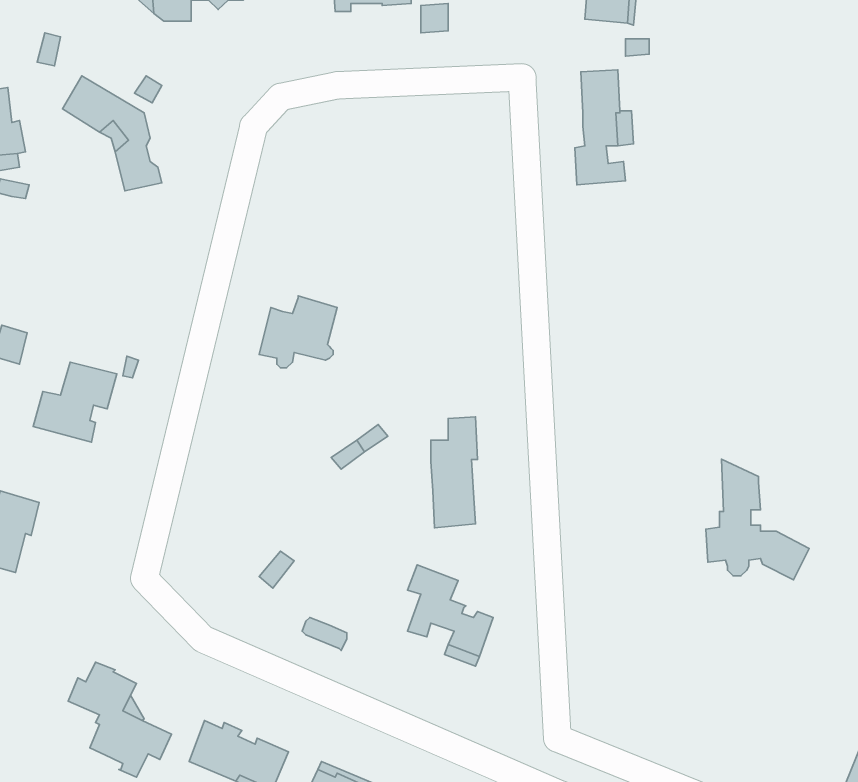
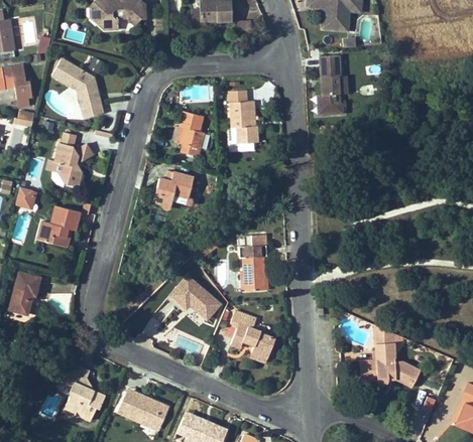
building: none -> [228,90,258,143]
building: none -> [174,111,205,155]
building: none -> [45,132,93,185]
building: [706,459,809,580] -> [366,324,420,387]
building: none -> [170,275,219,318]

